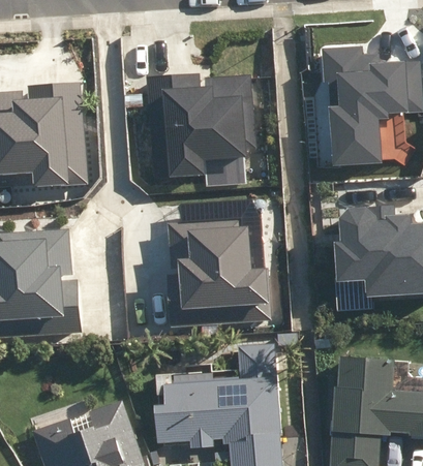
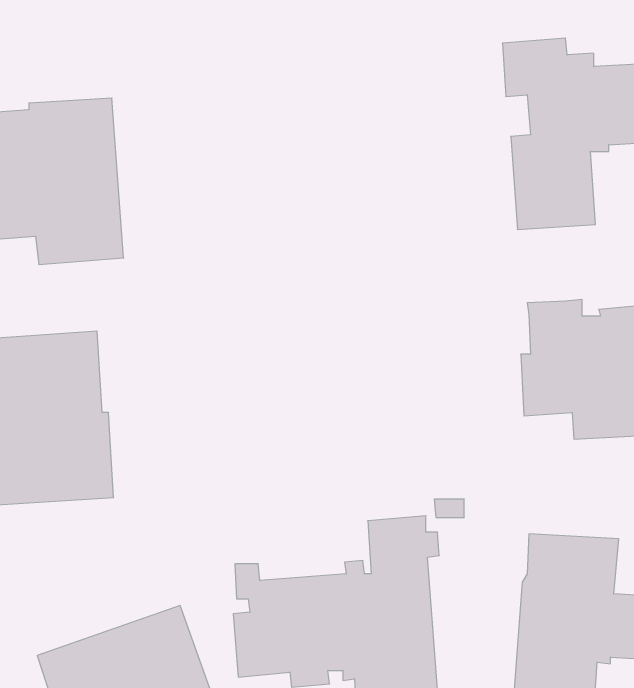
building: [146,73,256,185] -> none
building: [167,220,271,327] -> none

